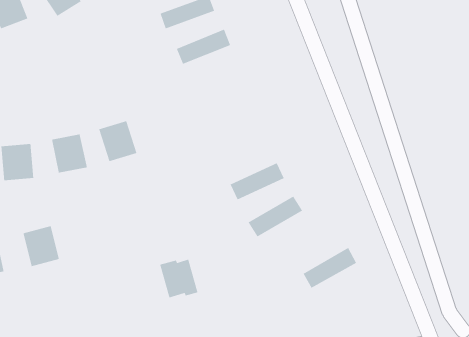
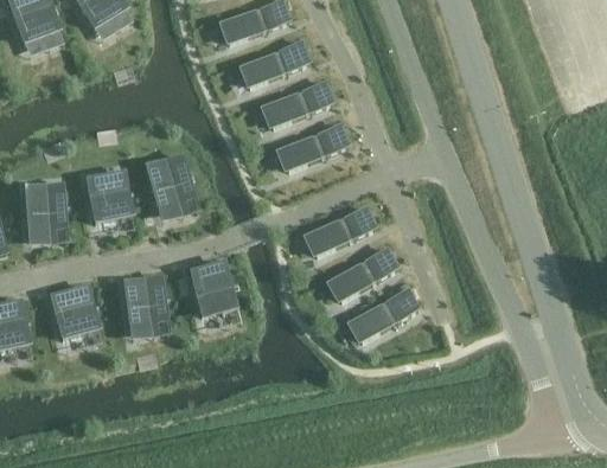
building: none -> [264,81,333,126]
building: none -> [280,123,349,169]
building: none -> [123,275,166,323]
building: [303,247,357,289] -> [351,288,418,340]
building: [159,258,198,299] -> [190,264,238,314]

